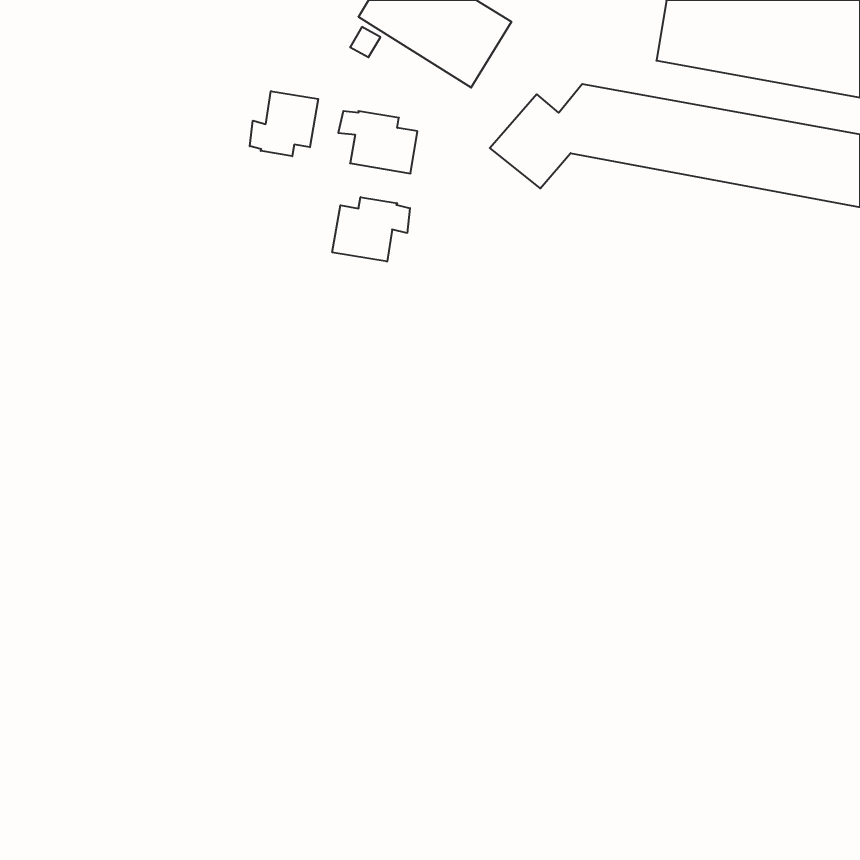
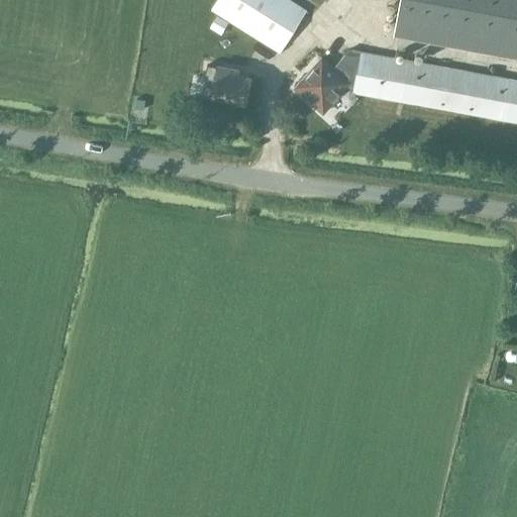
building: [250,91,318,156] -> none
building: [332,197,410,262] -> none

